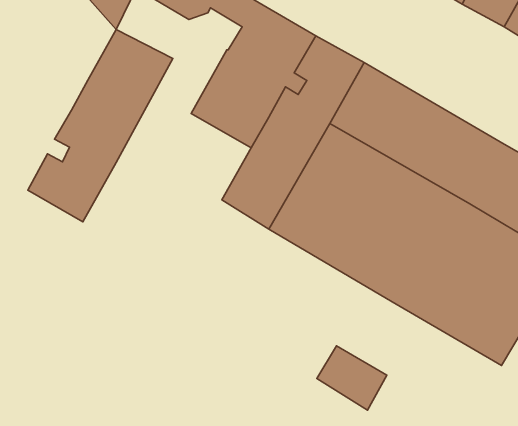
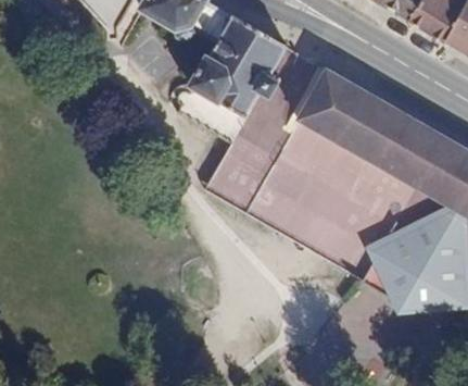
building: [28,30,173,222] -> none
building: [317,346,387,410] -> none

